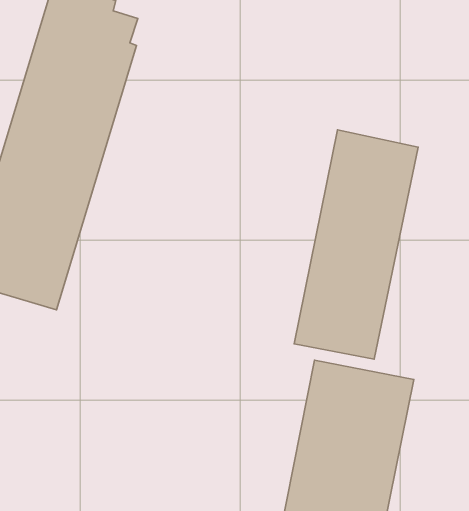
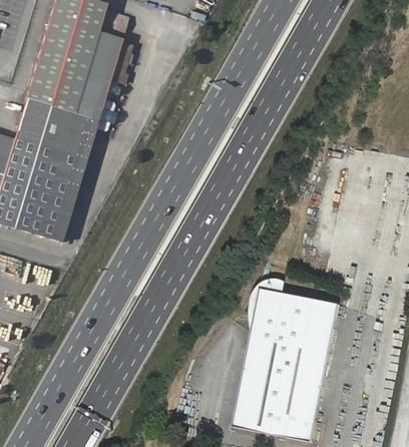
building: [294,130,418,359] -> none

